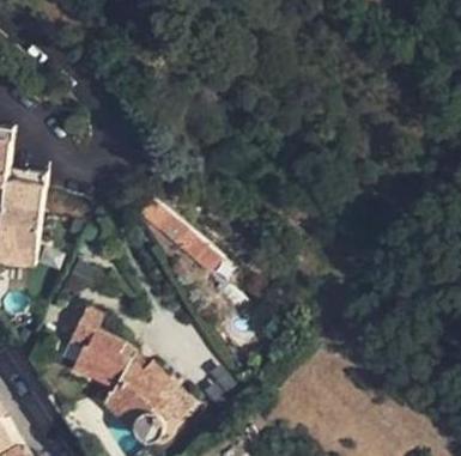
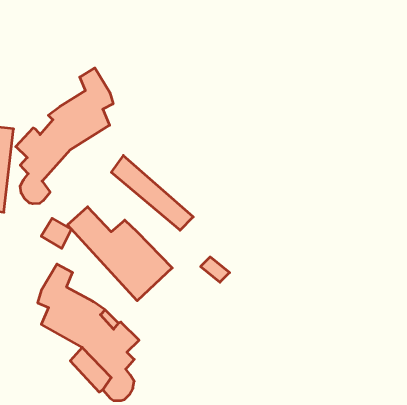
building: none -> [16,68,113,204]
building: none -> [68,207,172,301]

